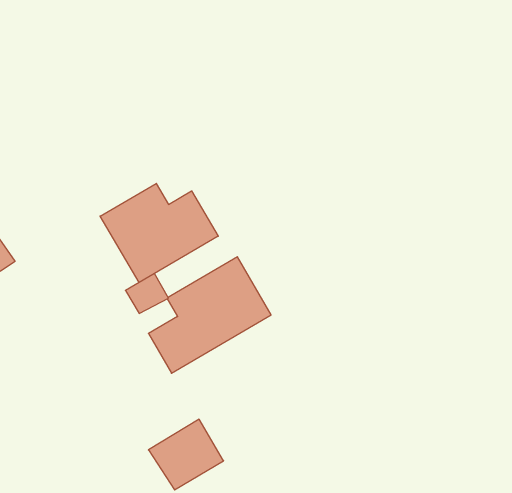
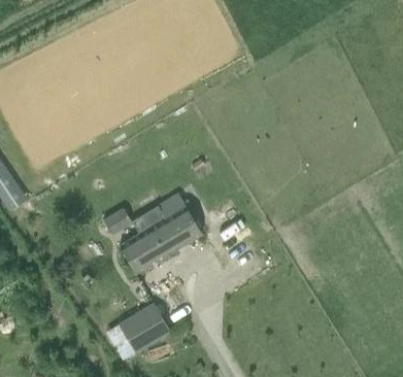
building: [100,183,218,282] -> none

